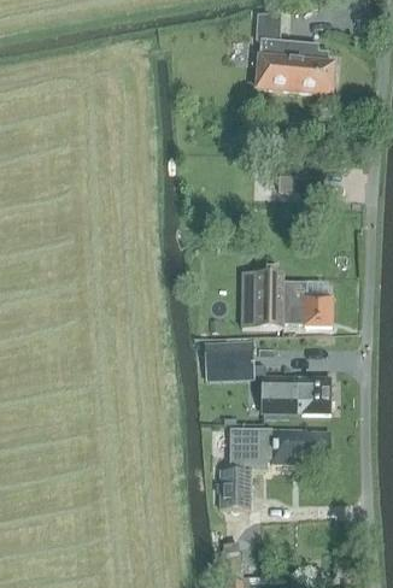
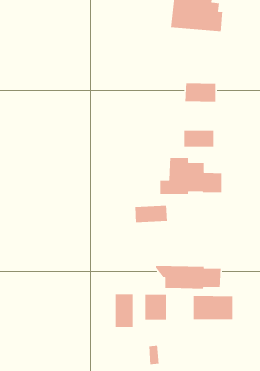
building: none -> [184,130,214,148]
building: [270,376,328,412] -> [193,295,233,320]
building: none -> [115,294,133,328]

